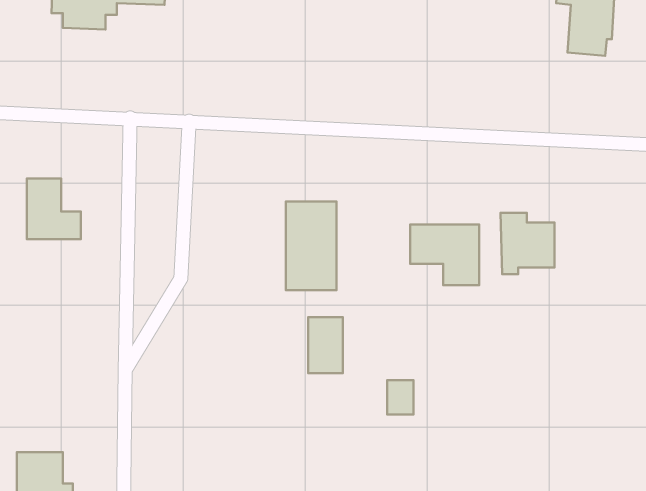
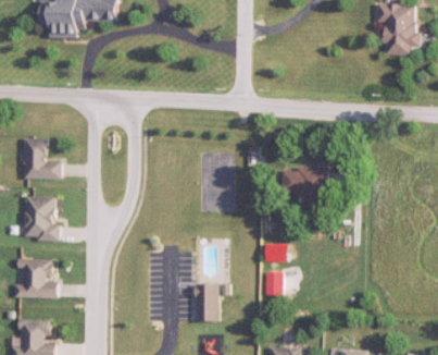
building: [501,213,555,274] -> none
building: none -> [25,195,60,238]
building: [308,317,343,373] -> [195,283,217,320]
building: none -> [16,258,58,297]

